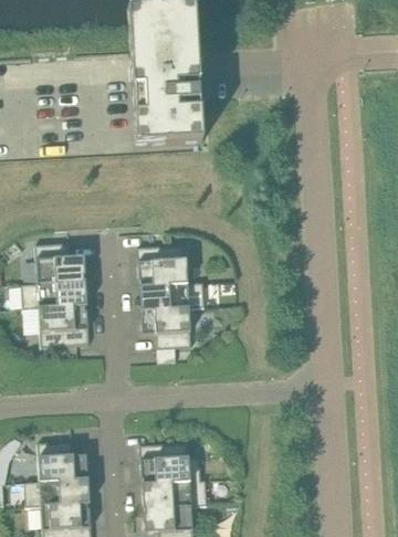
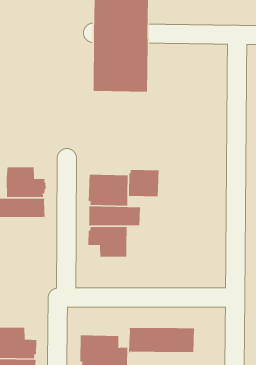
building: none -> [128,169,159,197]
building: [40,303,91,345] -> none
building: none -> [128,327,195,353]

